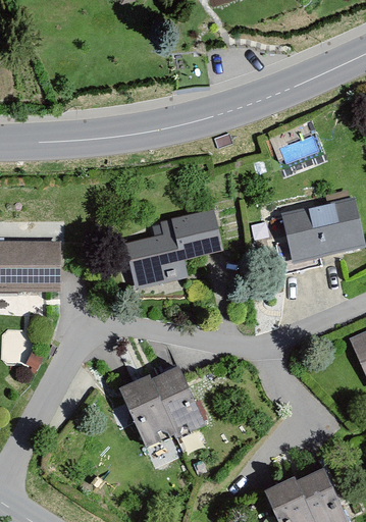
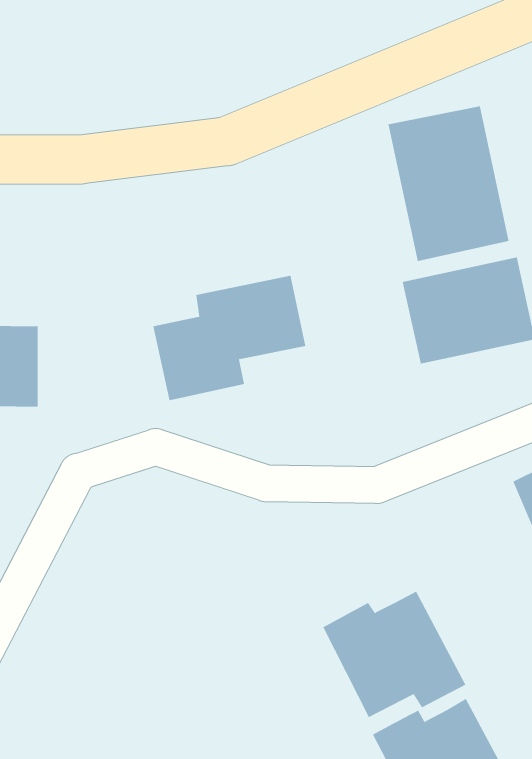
building: none -> [388,106,509,262]
building: [118,368,207,447] -> [322,591,466,718]

